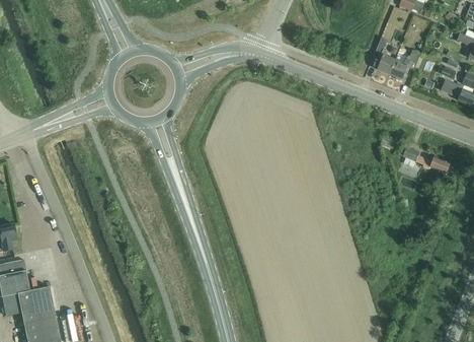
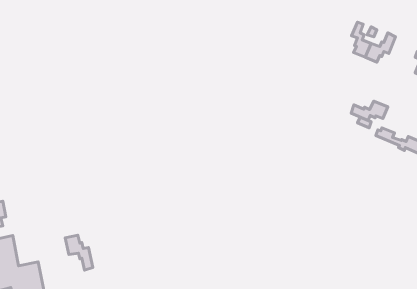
building: none -> [351,101,388,120]
building: none -> [65,235,93,270]

